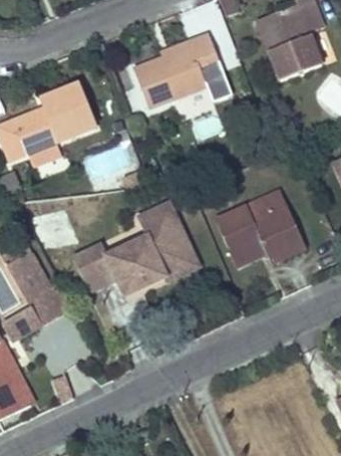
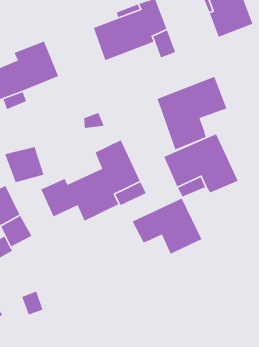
building: none -> [156,76,227,150]
building: none -> [131,198,202,255]

